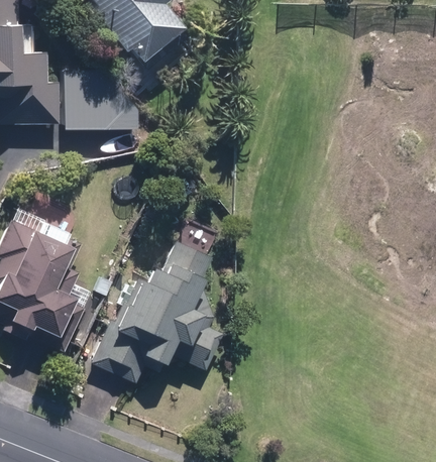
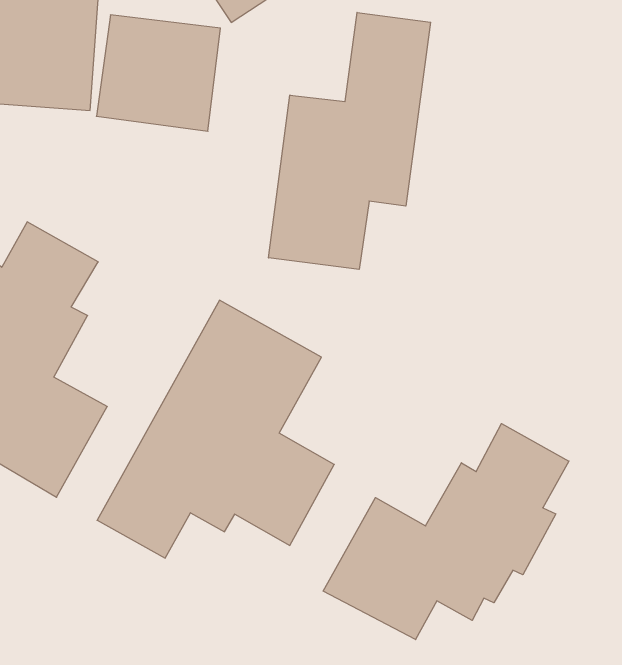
building: none -> [269,12,431,269]
building: none -> [323,424,569,640]

